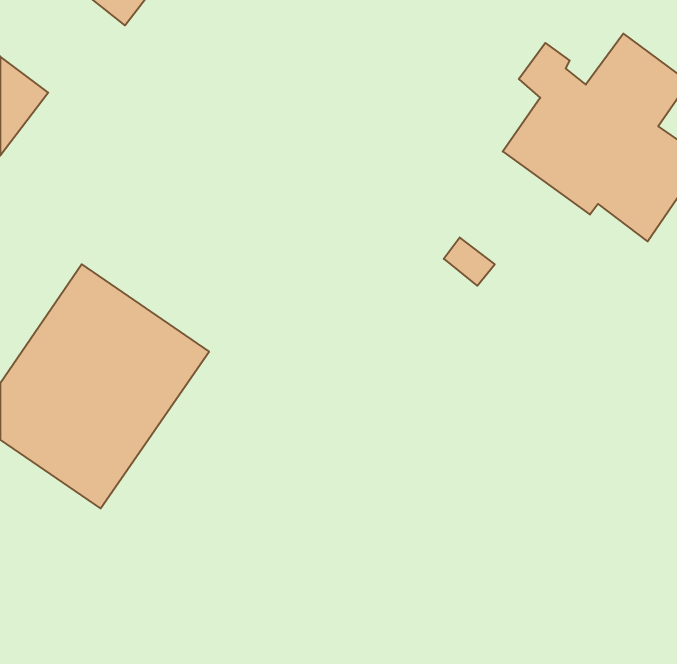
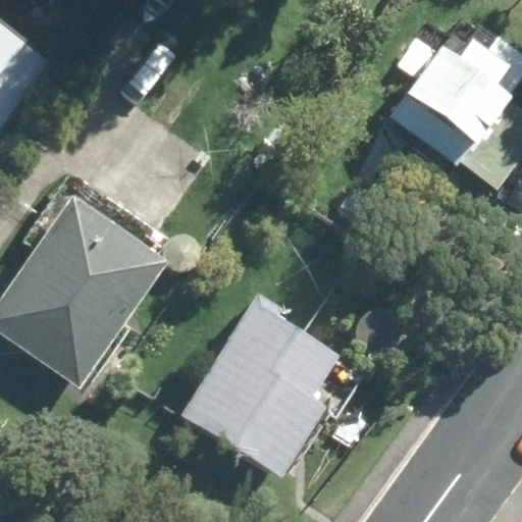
building: none -> [181,294,337,478]

